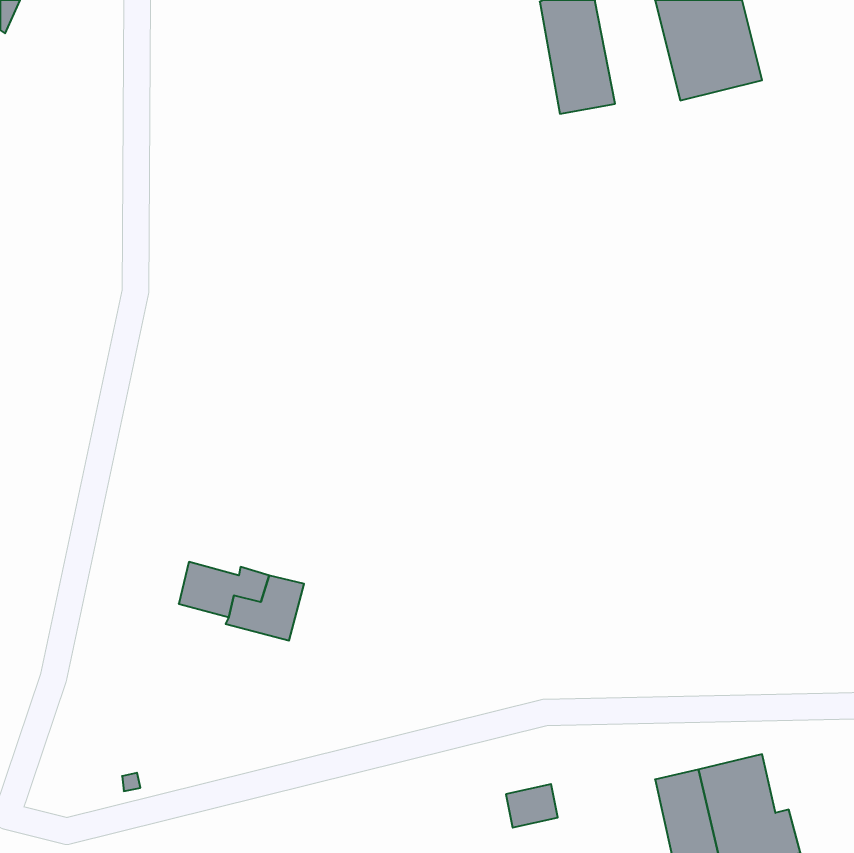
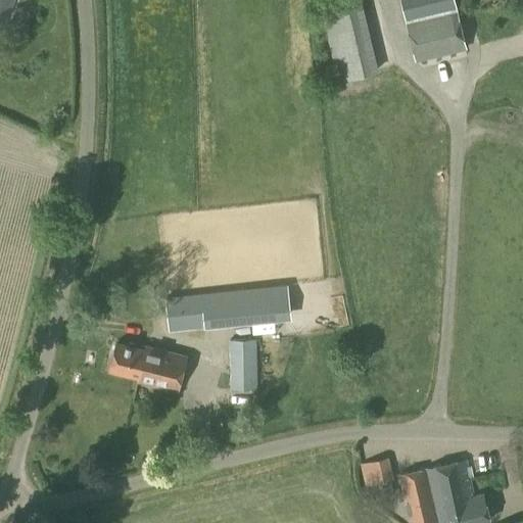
building: none -> [177,286,283,332]
building: none -> [230,341,255,390]
building: [506,784,558,828] -> [361,460,392,486]

